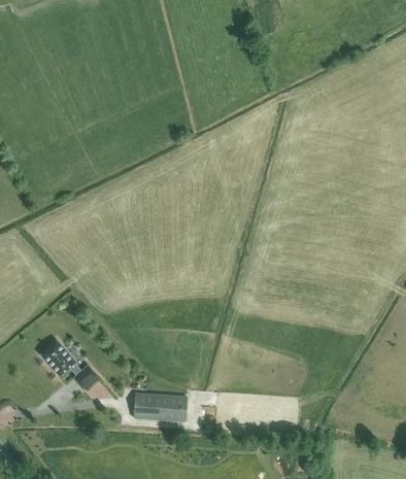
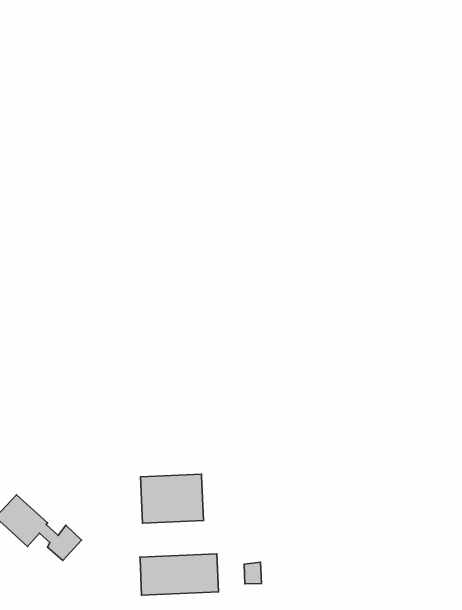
building: none -> [141,474,203,523]

